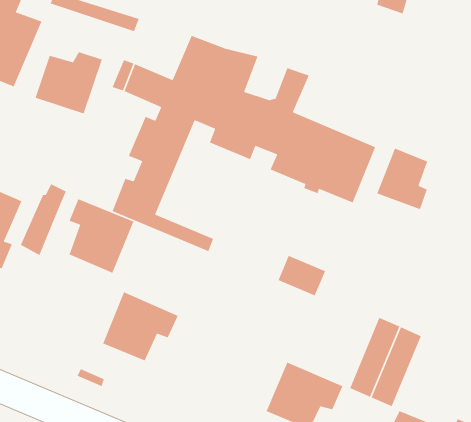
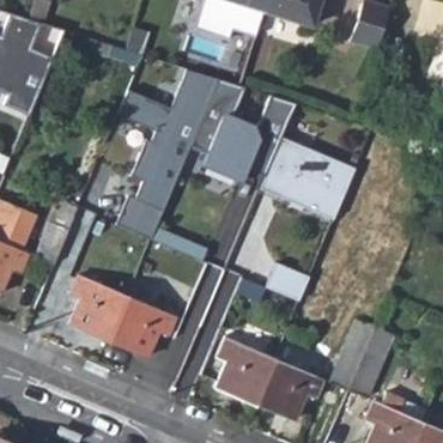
building: [34,51,103,115] -> none
building: [376,147,428,210] -> none
building: [68,198,135,274] -> [69,274,128,341]
building: none -> [216,336,273,401]

